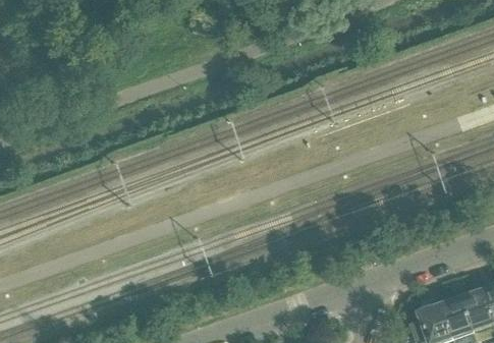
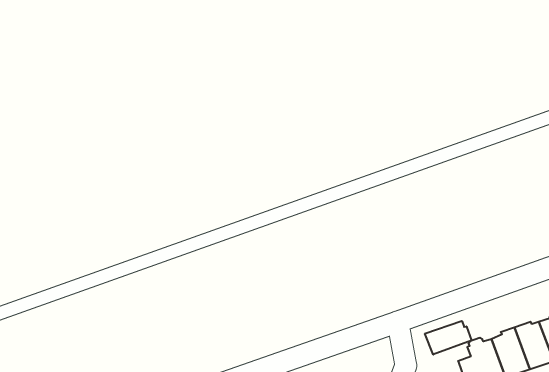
building: none -> [425,321,472,355]

